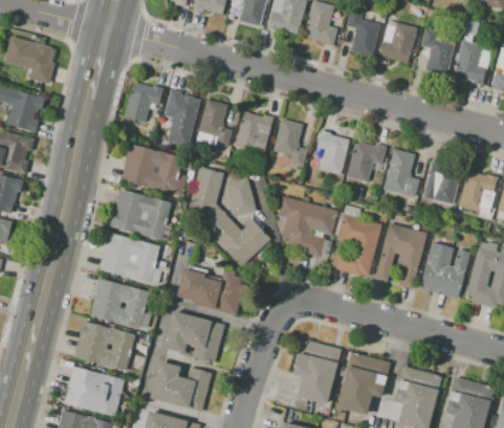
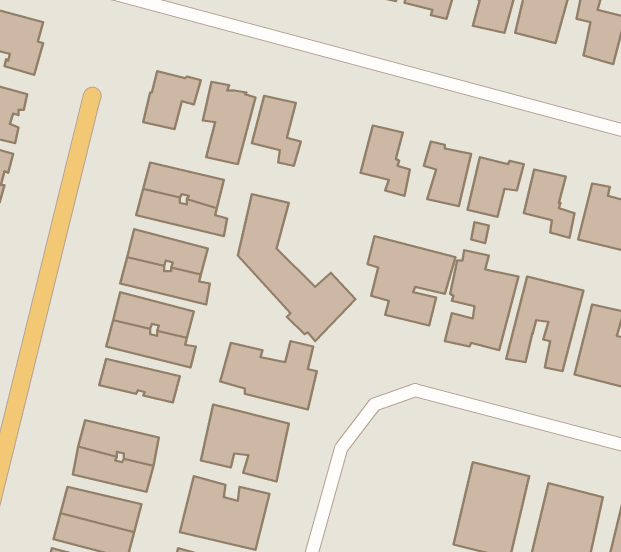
building: [235,111,274,153] -> none
building: [227,177,257,216] -> none
building: [89,298,152,330] -> none
building: [287,339,339,405] -> none

